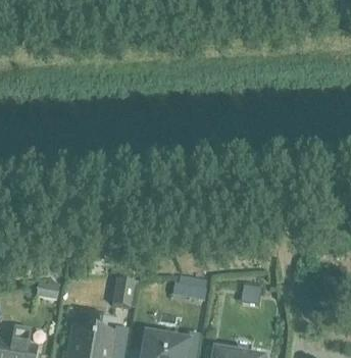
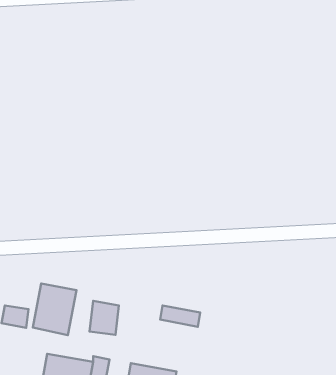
building: none -> [33,283,76,335]

